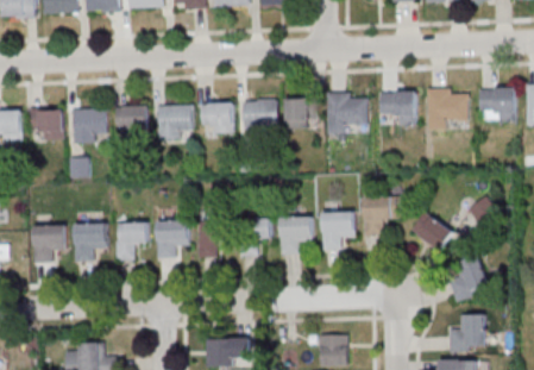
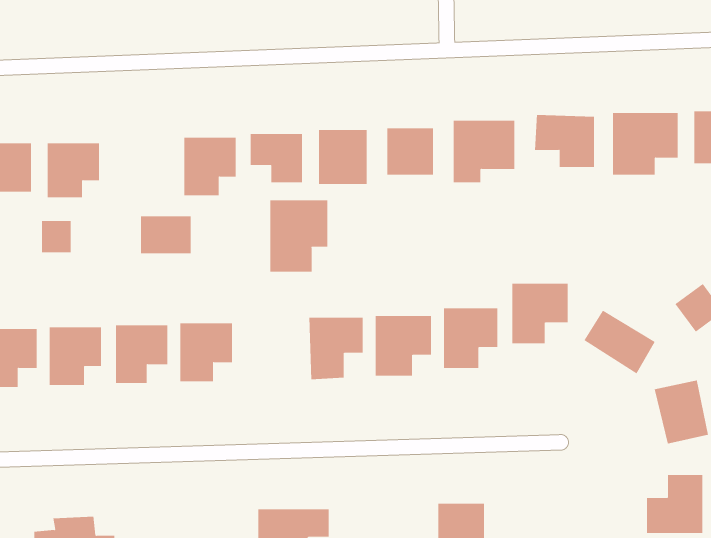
building: [115,107,147,131] -> [140,216,191,254]
building: none -> [270,199,328,272]
building: [197,220,220,257] -> none

